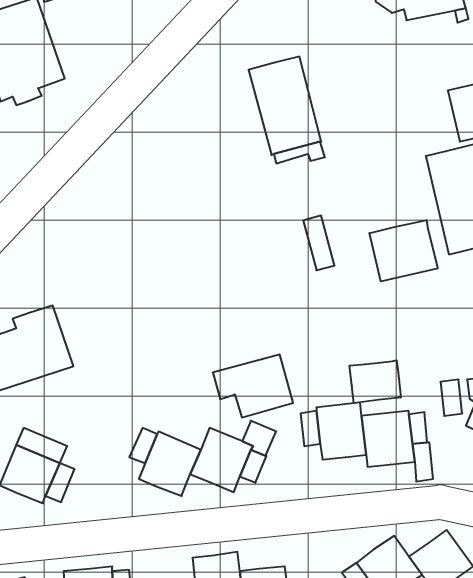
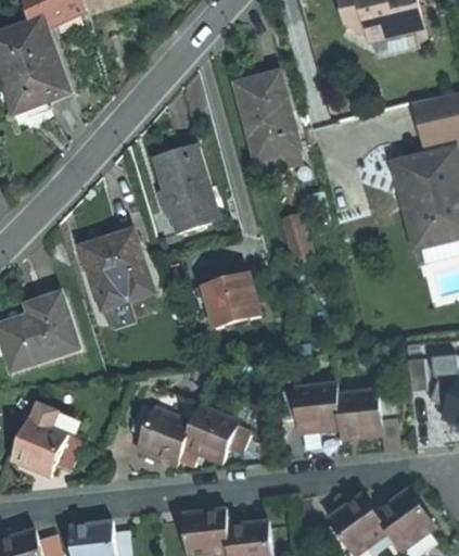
building: none -> [151,143,217,231]
building: [369,220,438,281] -> none
building: none -> [79,230,151,309]
building: [213,354,293,418] -> [186,271,257,328]
building: [350,360,401,403] -> none

